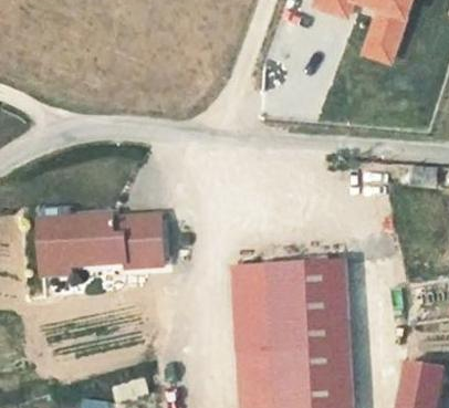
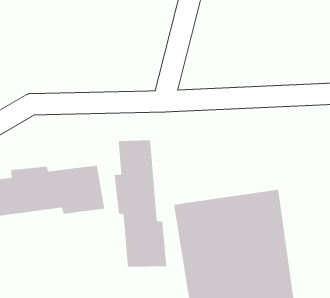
building: none -> [114,139,167,267]

